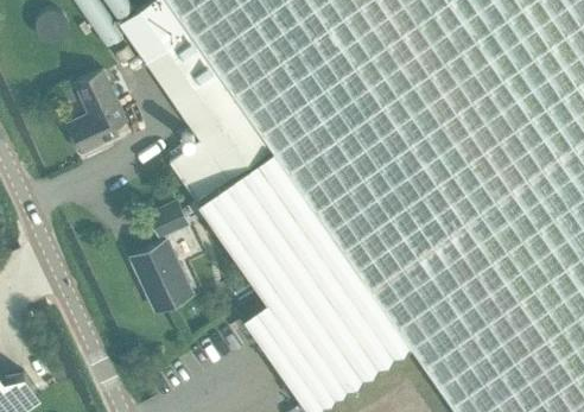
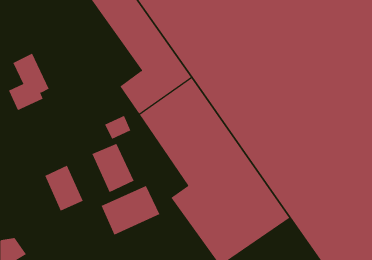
building: [68,70,126,152] -> [8,53,49,111]
building: none -> [45,165,84,211]
building: none -> [101,185,160,235]

